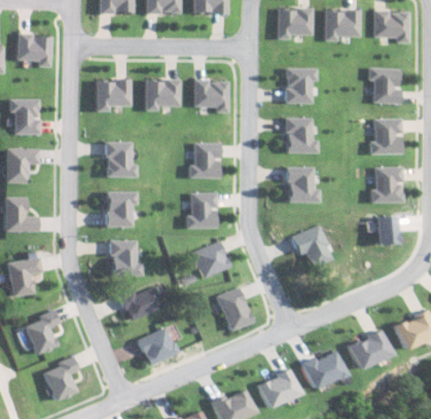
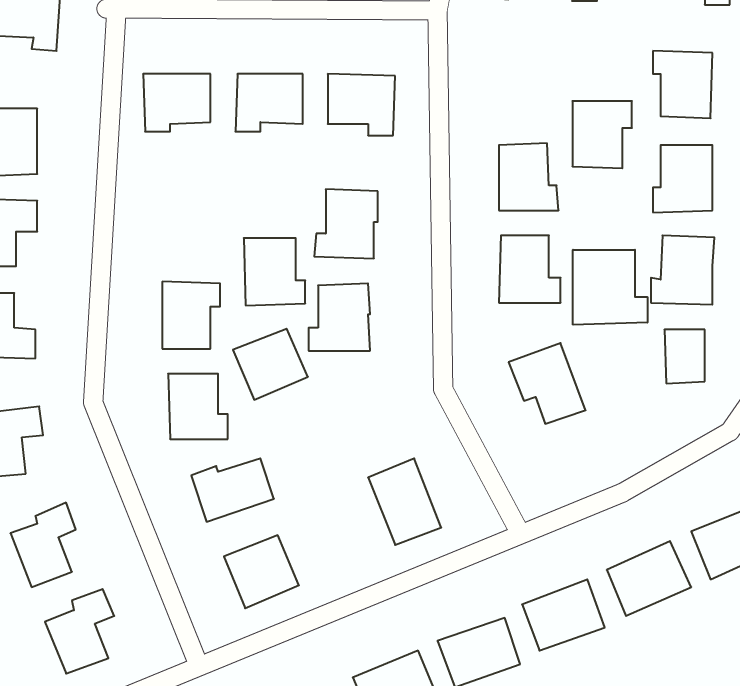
building: [286,68,318,104] -> [572,101,632,168]
building: [105,142,138,178] -> [244,238,305,305]
building: none -> [573,250,647,325]
building: [192,241,232,279] -> [233,329,308,400]

